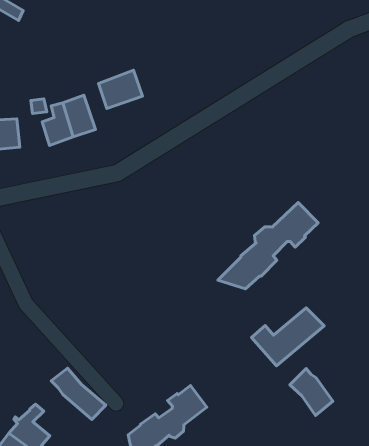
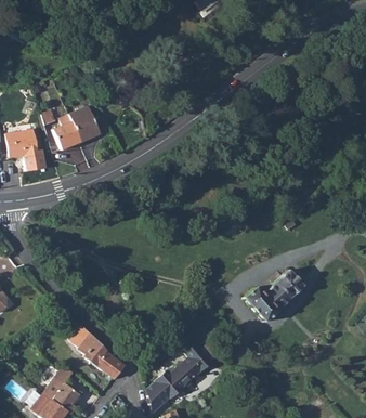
building: [99,70,143,108] -> none
building: [218,203,318,289] -> none
building: [290,368,333,416] -> none

